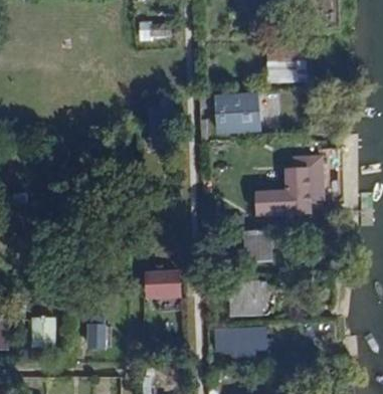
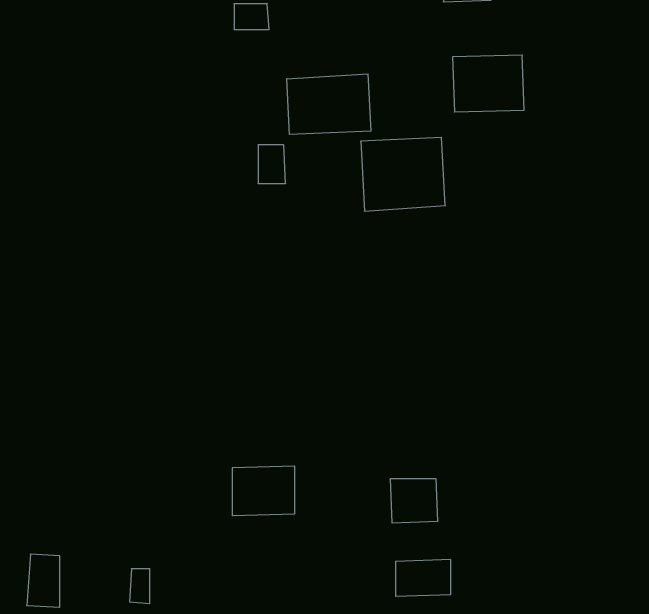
building: none -> [287,74,371,134]
building: [259,160,320,216] -> none
building: [243,229,272,261] -> none

